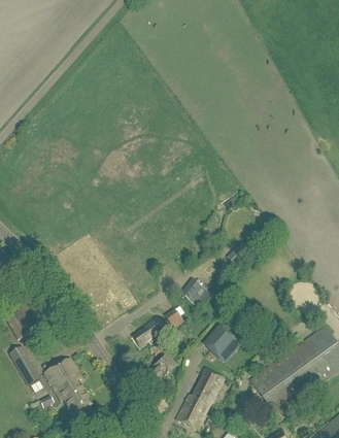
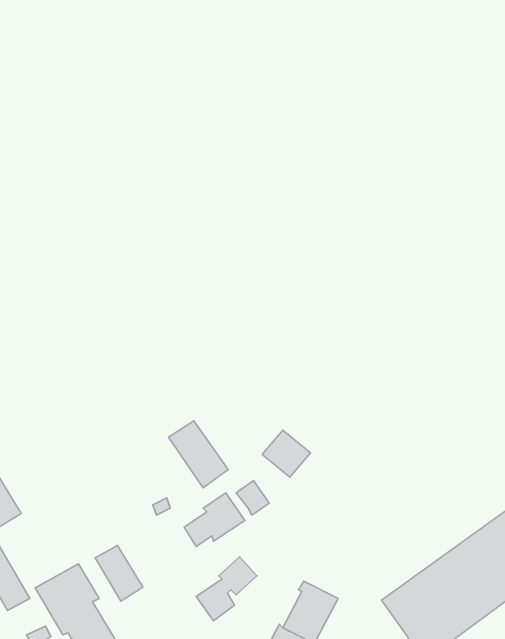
building: none -> [168,421,228,488]
building: [203,324,242,362] -> none
building: none -> [95,546,143,601]

